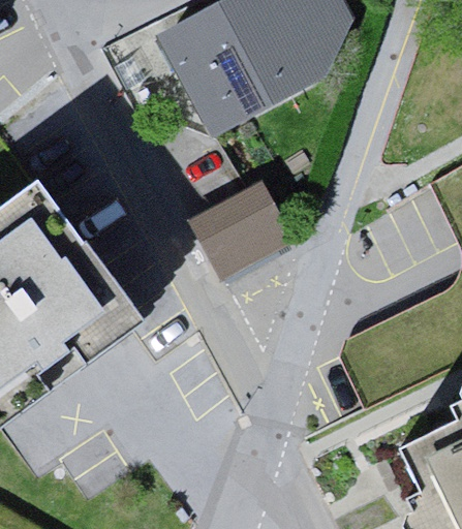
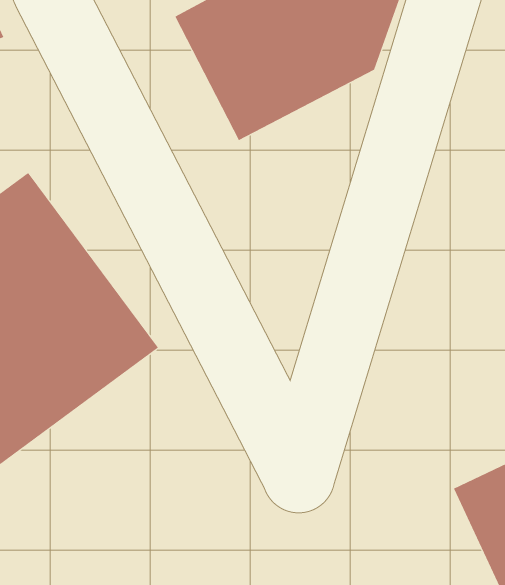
building: [194,179,294,281] -> none

